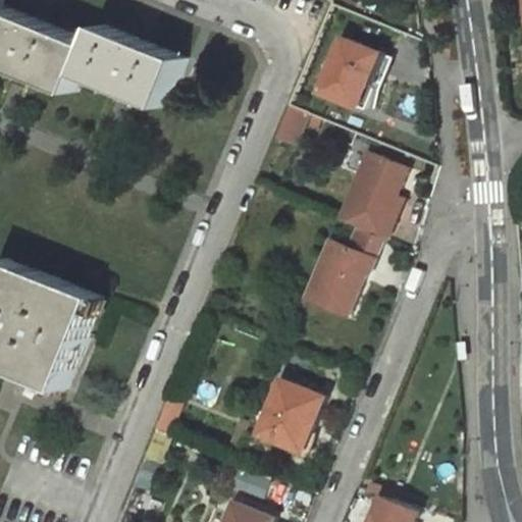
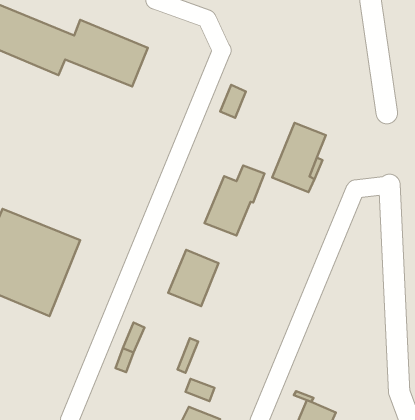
building: [321,40,385,110] -> none
building: [305,229,379,316] -> [204,165,265,236]
building: [259,382,321,452] -> [168,250,218,306]

